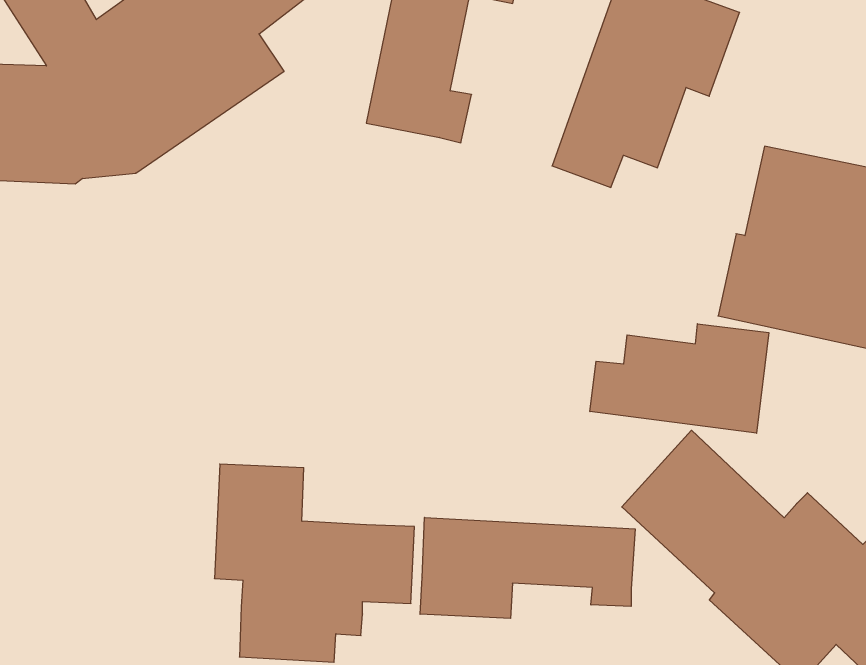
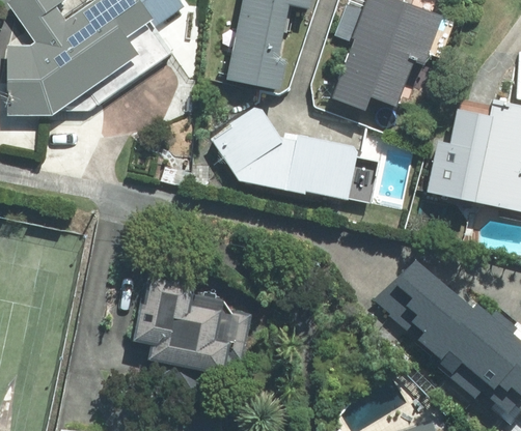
building: none -> [213,105,351,195]
building: [590,324,769,433] -> none
building: [420,517,635,618] -> none

